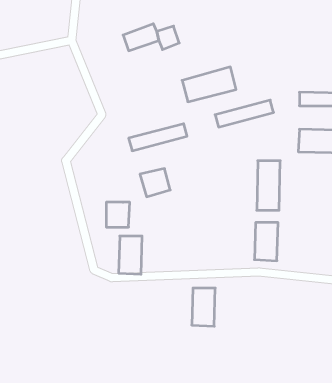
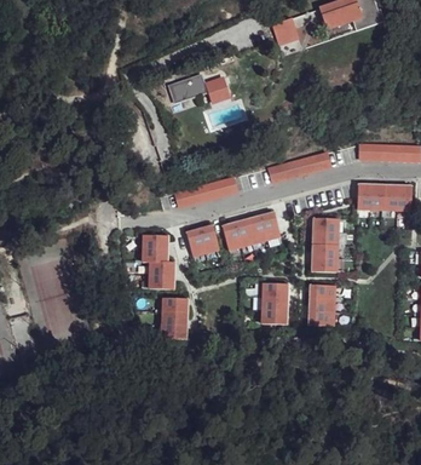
building: [182,67,236,102] -> [221,212,279,249]
building: none -> [143,236,167,263]
building: [192,288,215,326] -> [261,283,287,325]

